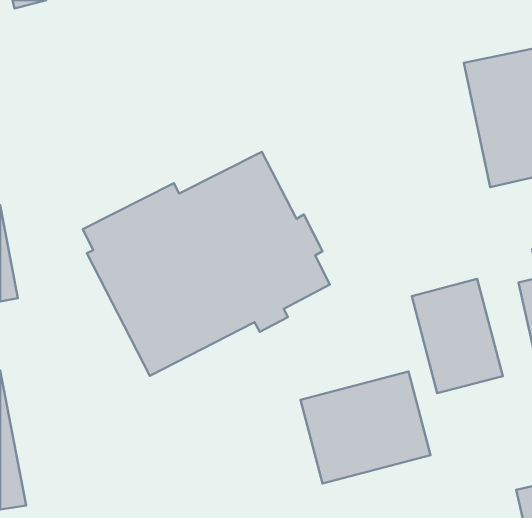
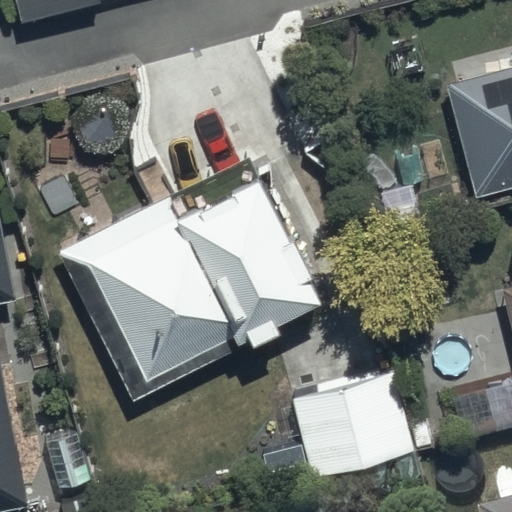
building: [412,279,503,393] -> none

